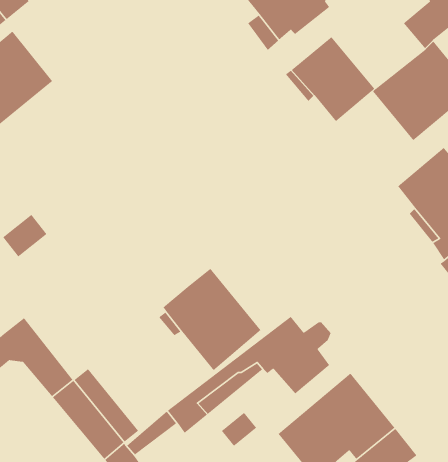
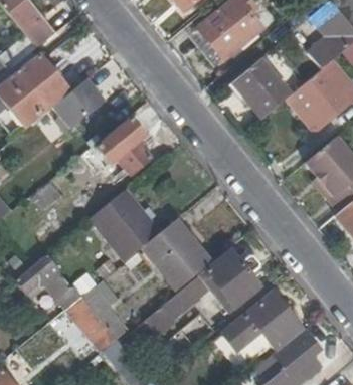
building: none -> [53,78,105,131]
building: none -> [97,118,151,173]
building: none -> [93,189,161,259]

